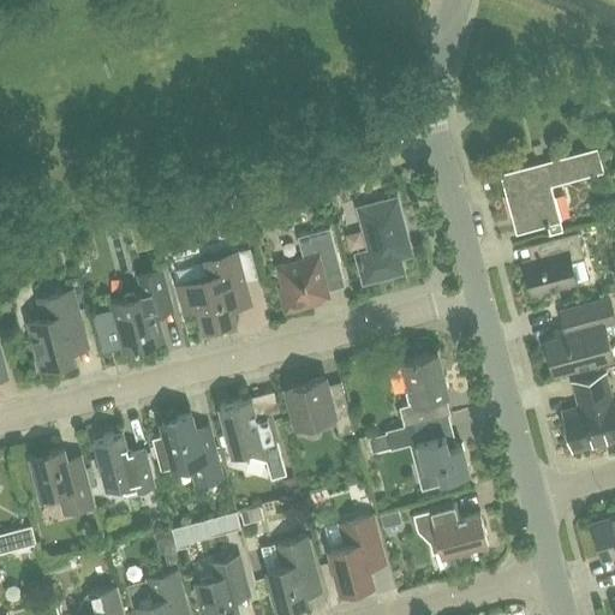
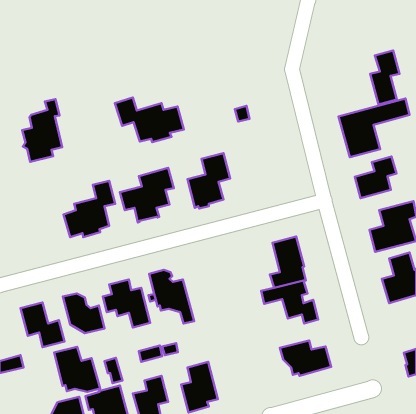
building: none -> [370,50,399,105]
building: none -> [115,98,184,142]
building: [356,199,411,285] -> none
building: [28,277,86,370] -> [22,99,62,162]
building: [286,380,353,438] -> none
building: none -> [54,347,100,392]
building: [329,518,383,597] -> none

